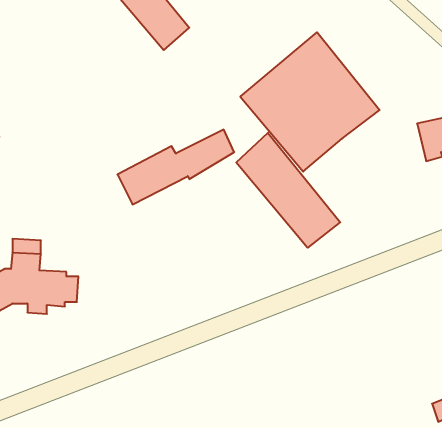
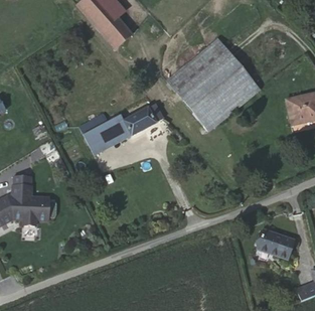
building: [236,133,340,248] -> none
building: none -> [256,228,294,259]

